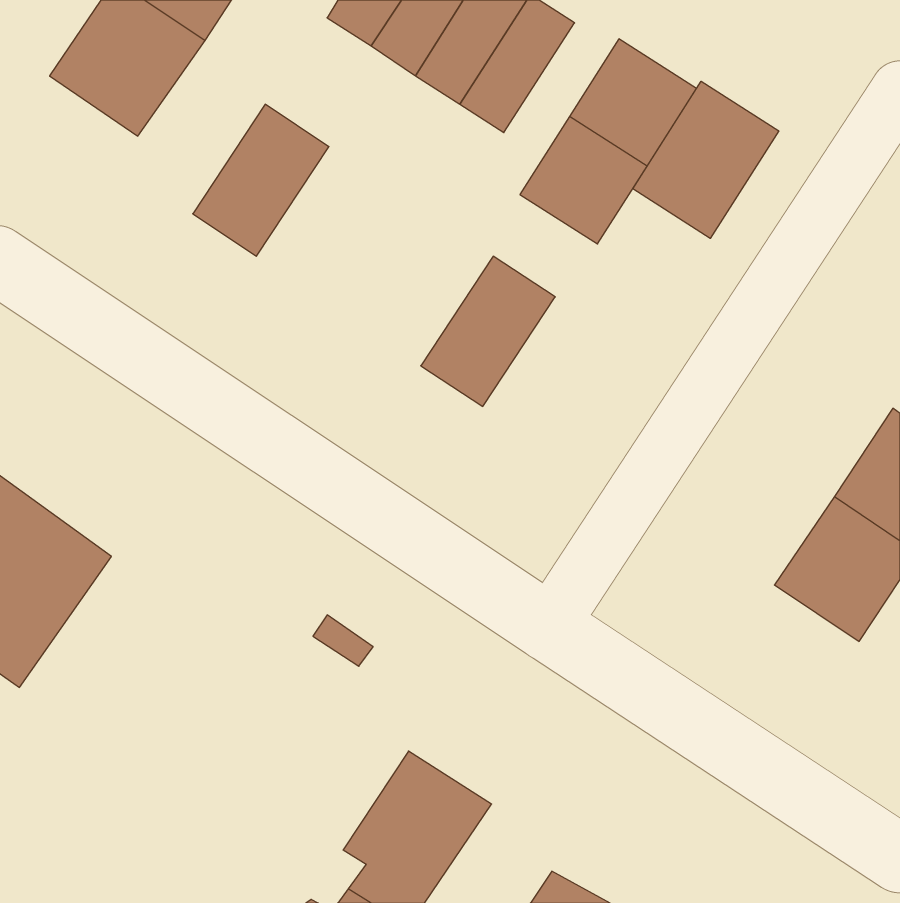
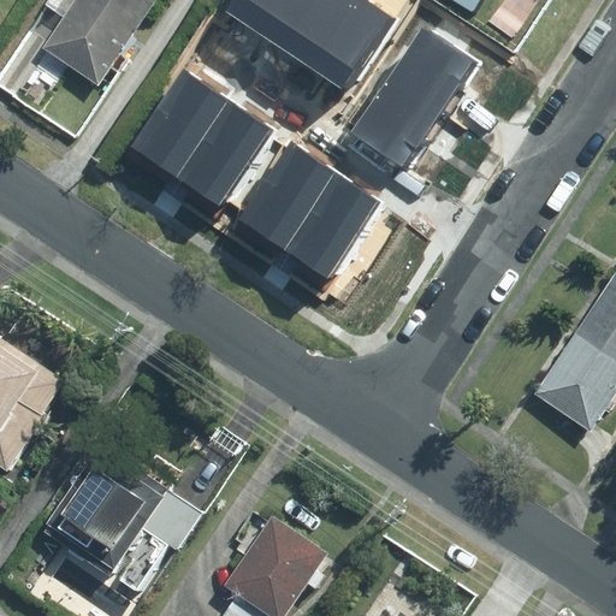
building: [633,81,779,238] -> none
building: none -> [174,100,267,203]
building: none -> [244,148,336,249]
building: none -> [52,442,179,578]

